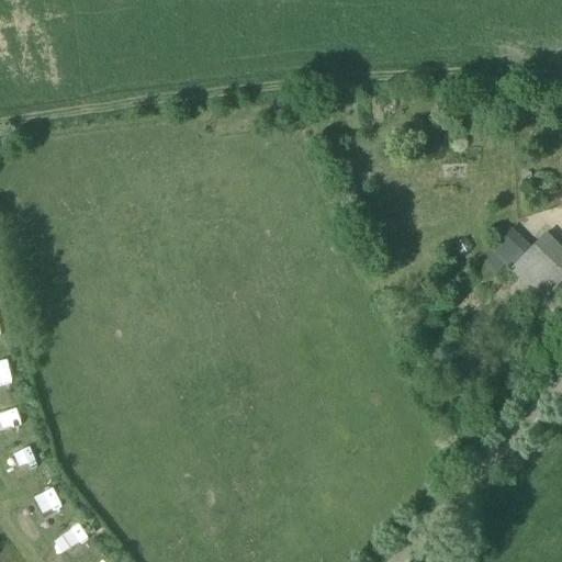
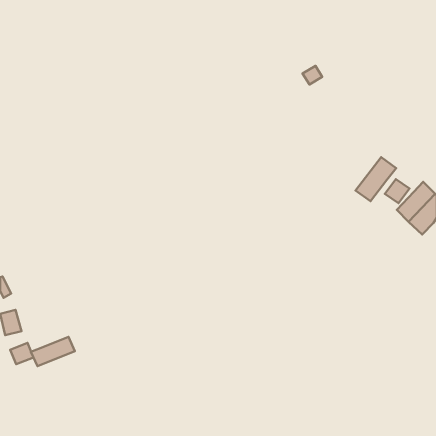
building: none -> [356,157,396,201]
building: none -> [31,337,75,366]

